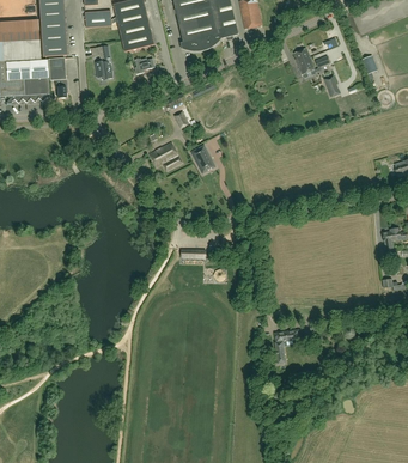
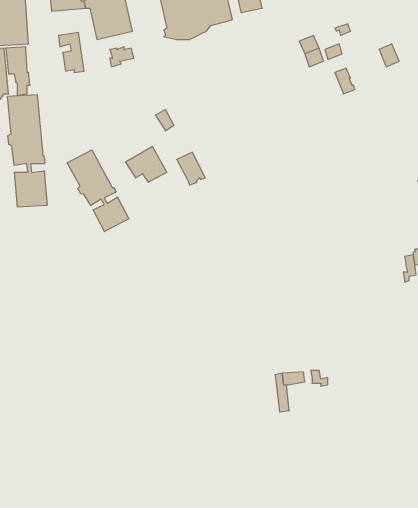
building: none -> [8,95,47,207]
building: none -> [67,150,129,232]

